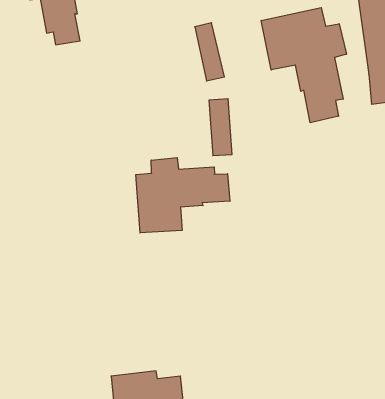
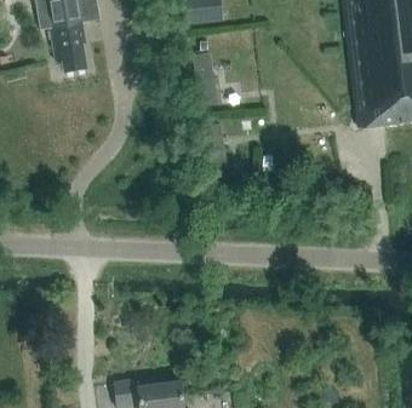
building: [261,8,346,123] -> none
building: [136,158,230,233] -> none

